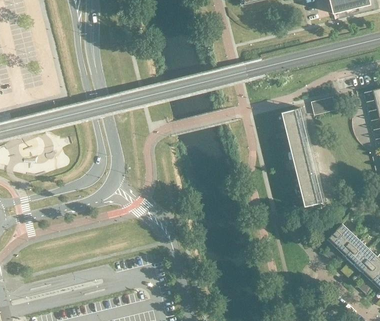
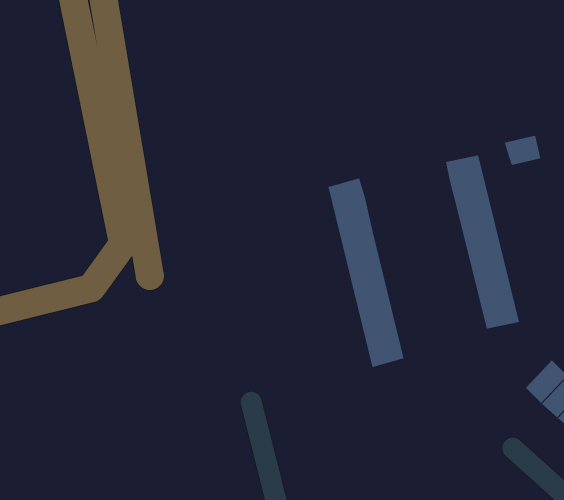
building: none -> [328,177,404,368]

